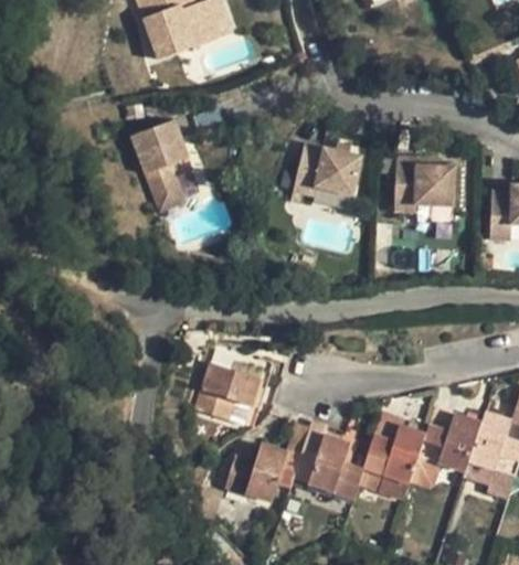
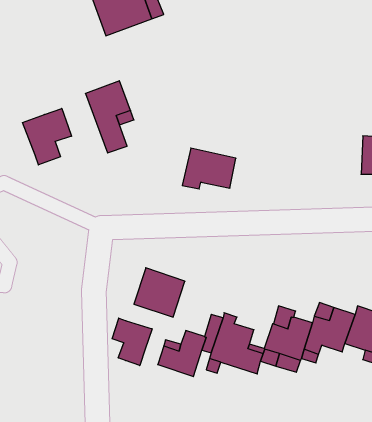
building: [293,143,362,196] -> [182,148,236,189]
building: none -> [22,108,72,165]
building: [394,157,456,212] -> none
building: none -> [112,318,152,366]

